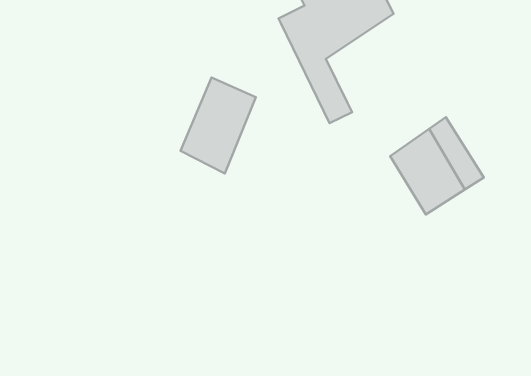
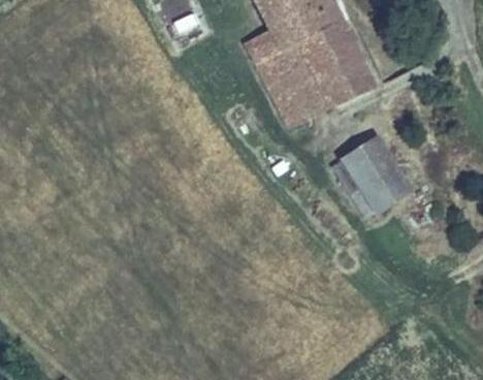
building: none -> [286,37,368,115]
building: [180,77,256,173] -> none

